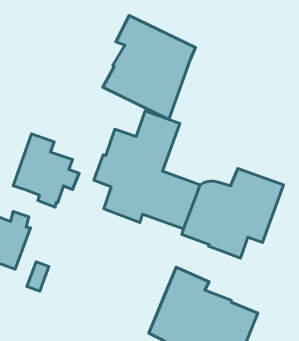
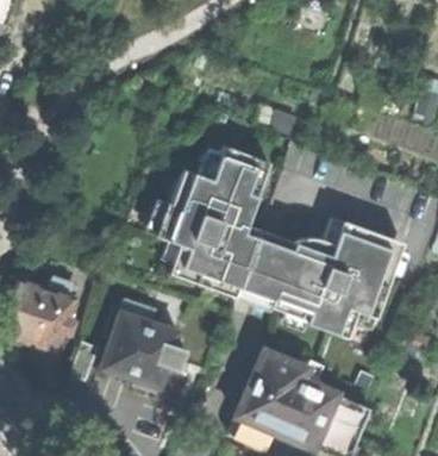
building: [103,16,196,119] -> none
building: [13,134,79,207] -> [100,296,186,392]

